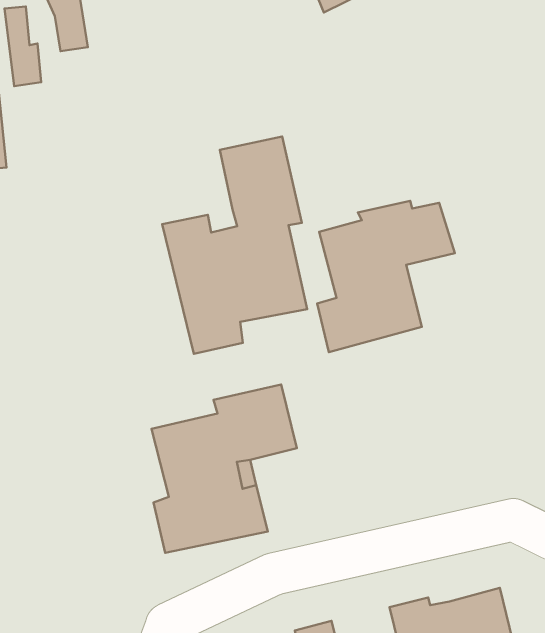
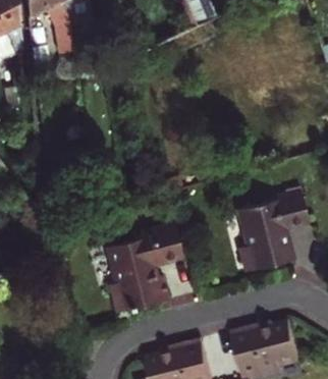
building: [162,137,307,354] -> none
building: [317,201,455,352] -> [234,185,307,265]

